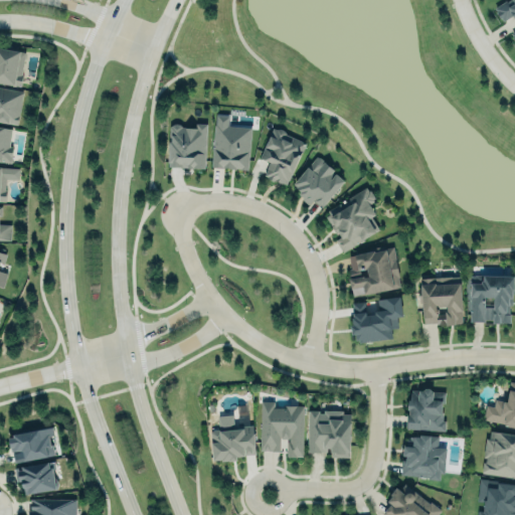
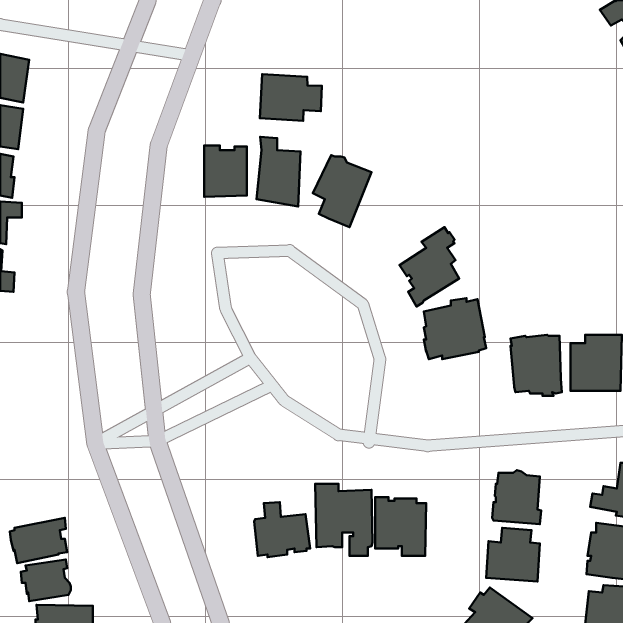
building: none -> [260,74,322,121]
building: [292,155,346,208] -> none
building: [350,295,402,344] -> none

